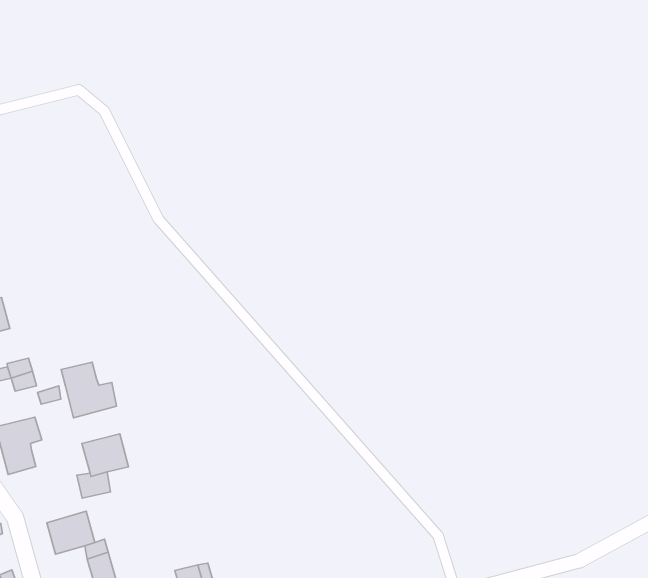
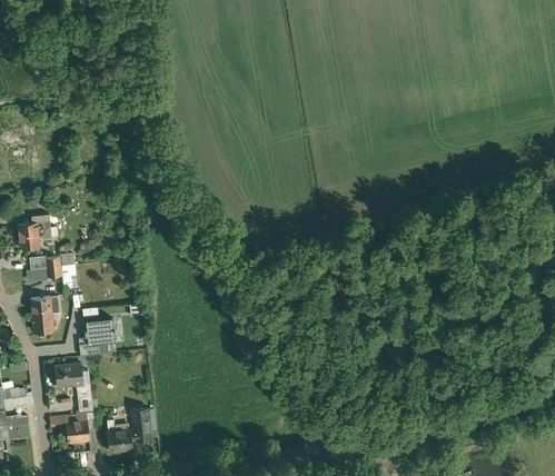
building: [61,362,117,418] -> none

